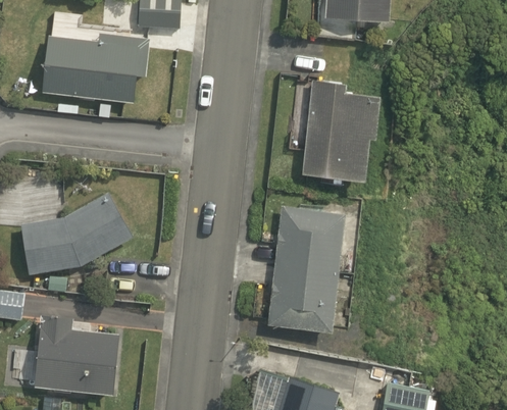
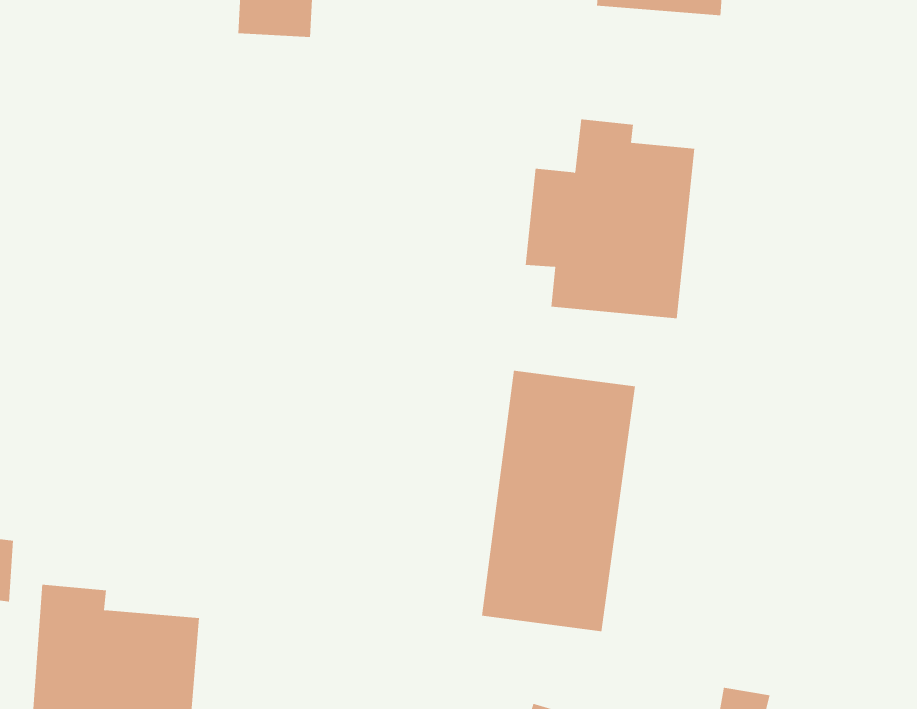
building: [42,35,147,103] -> none
building: [22,193,132,274] -> none

